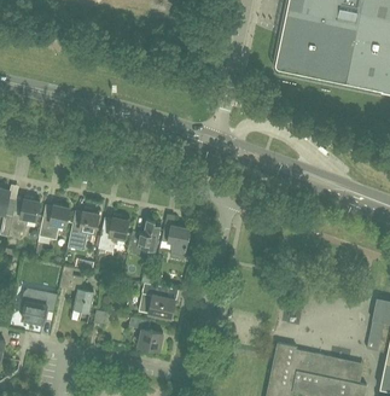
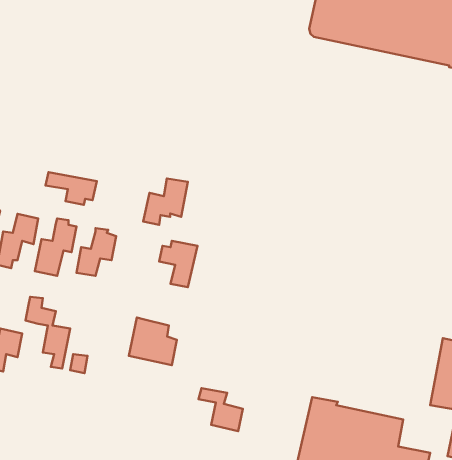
building: none -> [45,172,97,205]
building: [127,220,161,255] -> [143,179,188,225]
building: [128,318,162,350] -> [198,388,243,431]

